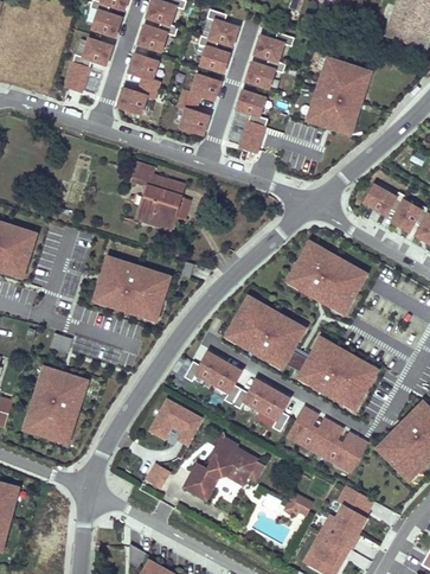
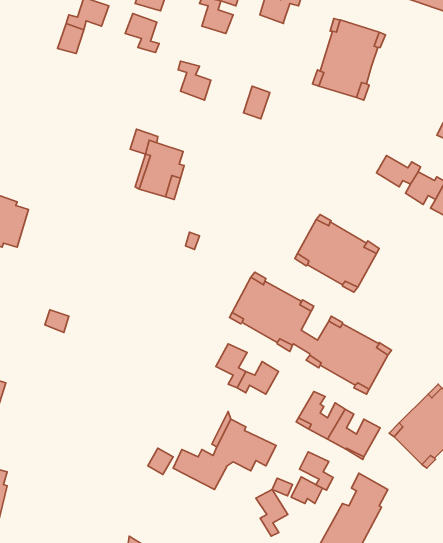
building: [244,58,284,88] -> none
building: [179,72,219,102] -> none
building: [116,84,155,113] -> none
building: [235,90,267,127] -> none
building: [96,261,169,317] -> none
building: [185,355,224,385] -> none
building: [28,368,84,441] -> none
building: [259,390,289,433] -> none
building: [150,398,205,444] -> none
building: none -> [299,452,333,490]
building: none -> [256,490,288,536]

